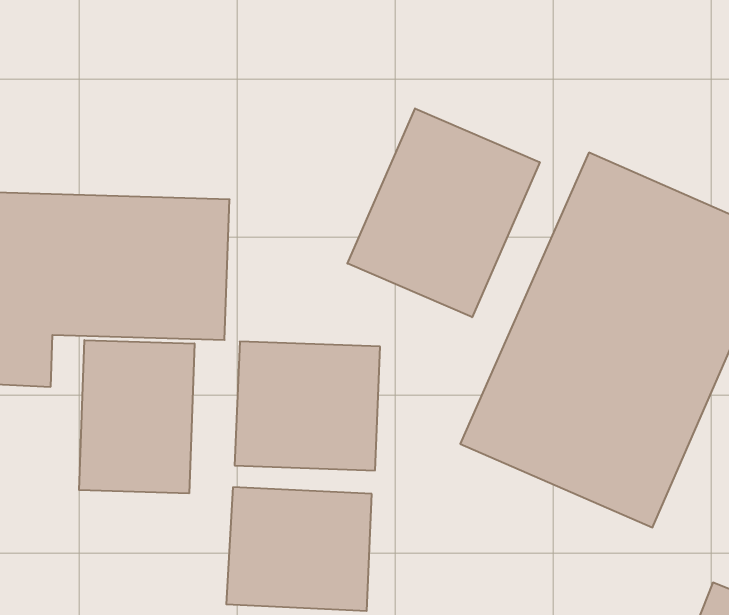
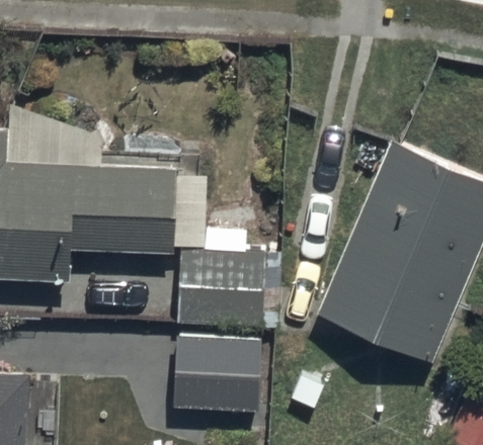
building: [347,108,540,317] -> none
building: [79,340,194,493] -> none

